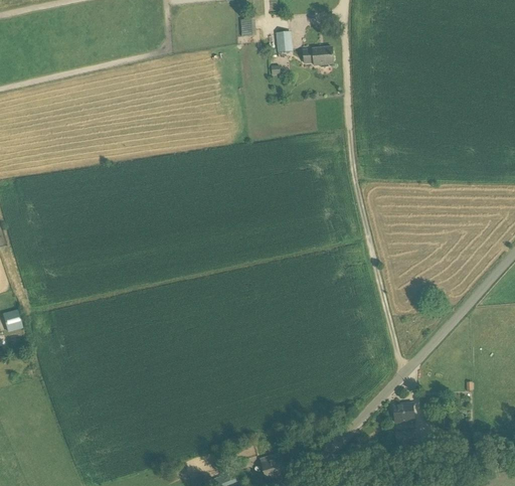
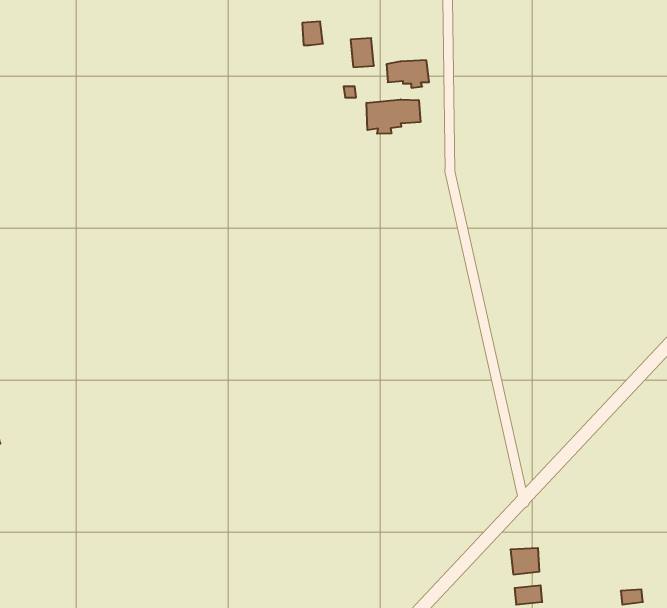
building: none -> [367,99,420,134]

